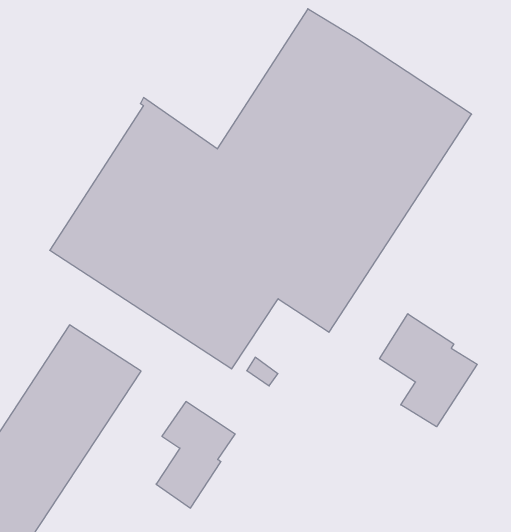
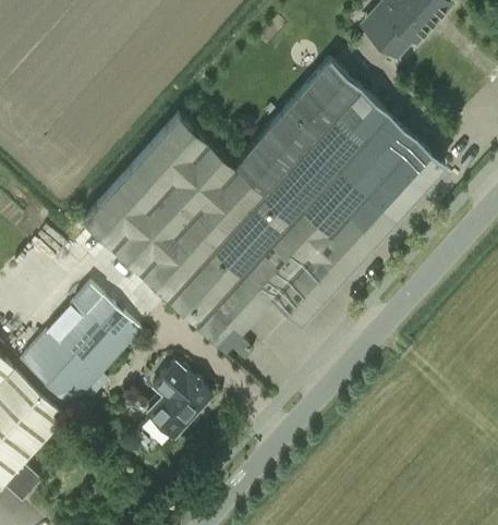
building: [380,314,477,427] -> none

